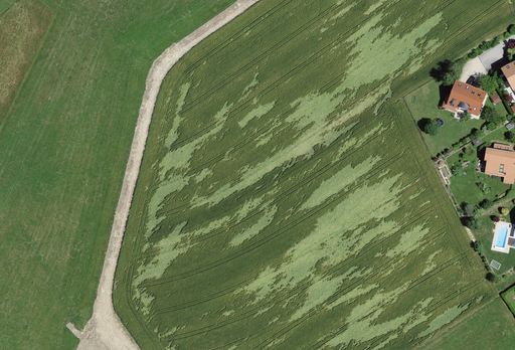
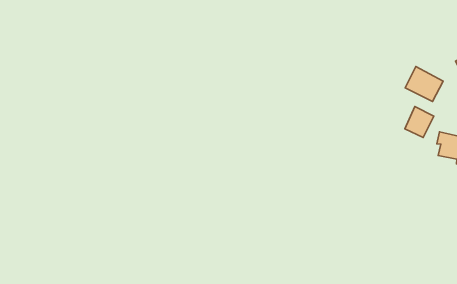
building: none -> [405,107,434,138]

